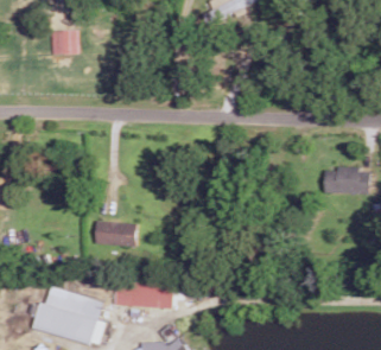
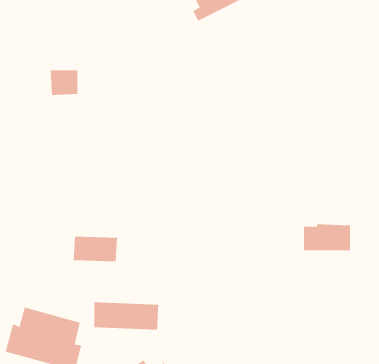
building: [50,31,76,55] -> [50,70,78,95]
building: [325,168,369,193] -> [303,224,351,251]

